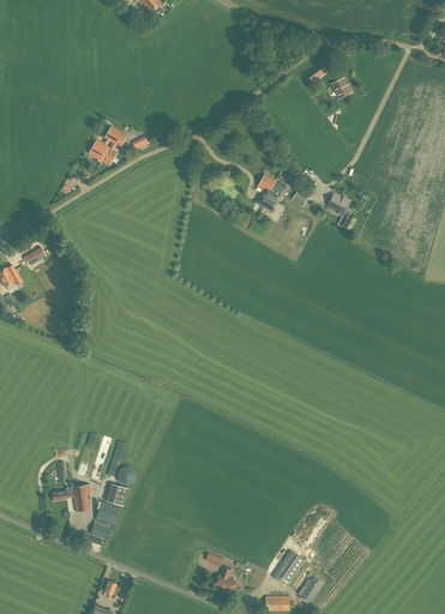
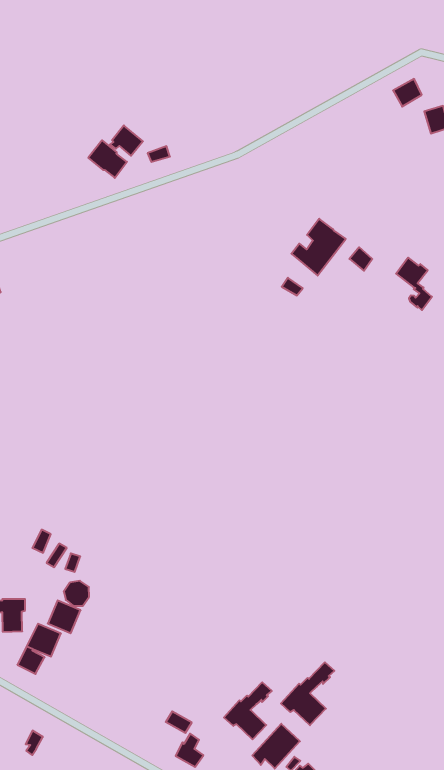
building: none -> [281,662,334,725]
building: none -> [224,682,272,739]

